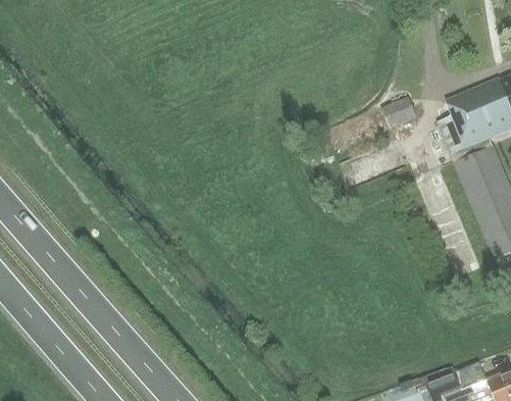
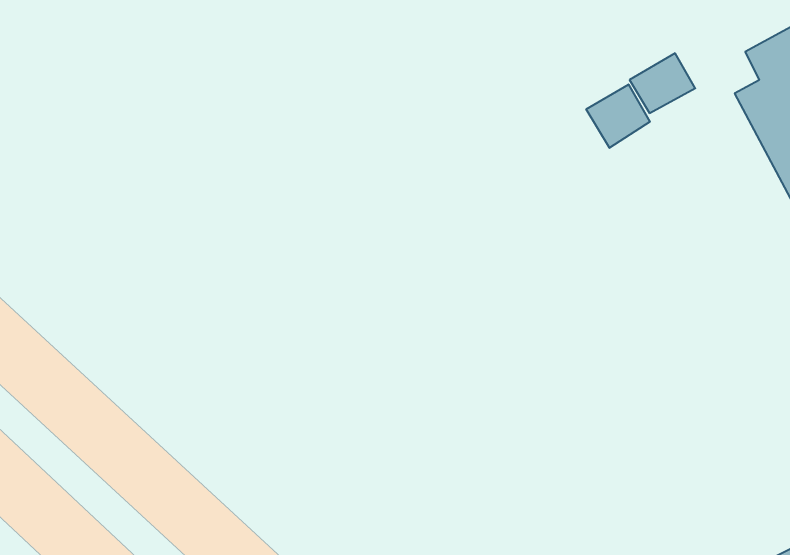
building: none -> [586,84,650,148]

